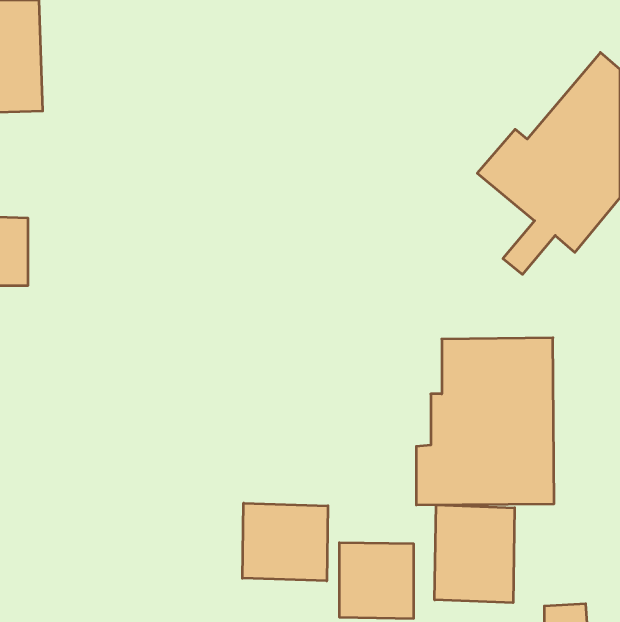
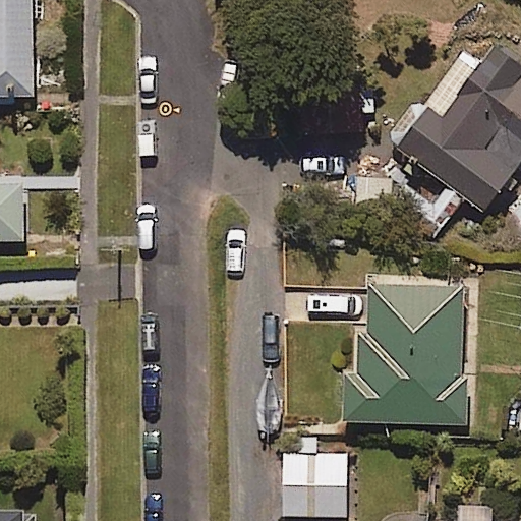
building: [242,503,328,581] -> none
building: [435,505,515,603] -> none

